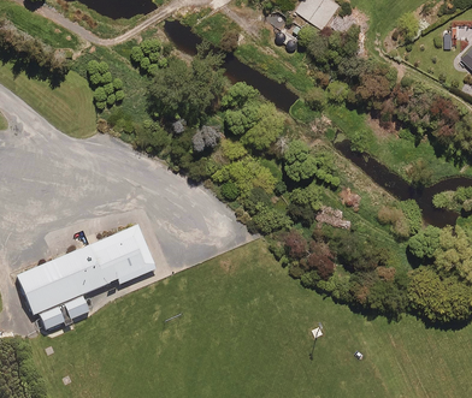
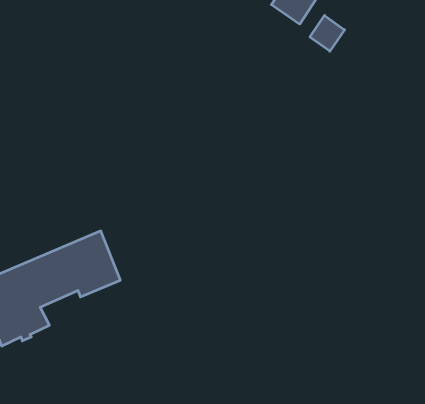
building: none -> [310,15,345,51]

